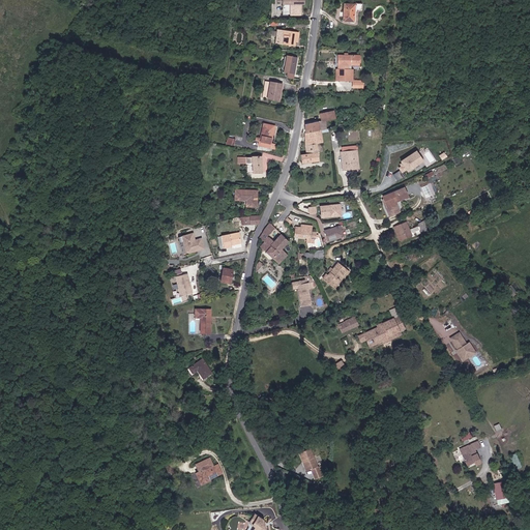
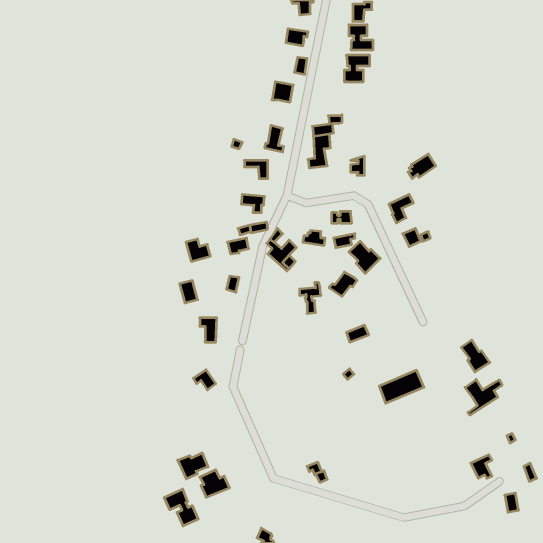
building: none -> [349,25,373,50]
building: none -> [349,241,380,273]
building: [363,317,407,349] -> [379,370,424,403]
building: none -> [465,379,502,415]
building: none -> [178,453,208,479]
building: none -> [164,489,198,526]

